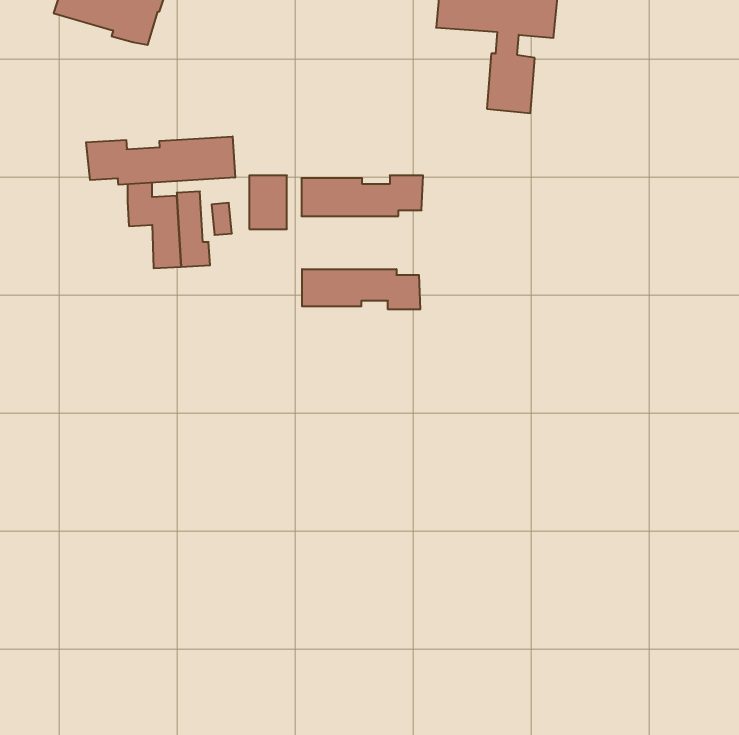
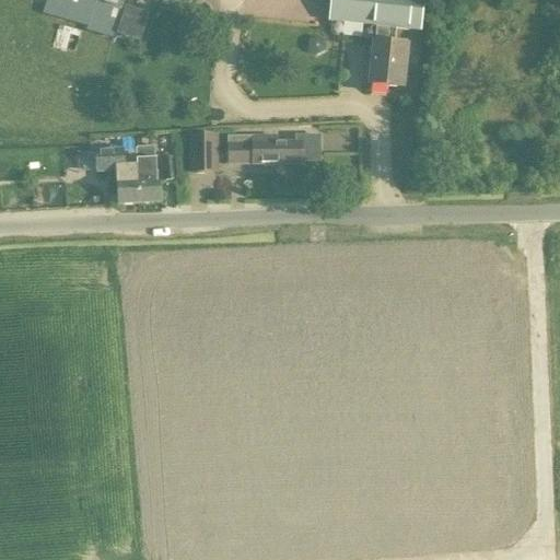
building: none -> [116,5,149,36]
building: [86,136,235,185] -> none
building: [302,269,420,309] -> none

